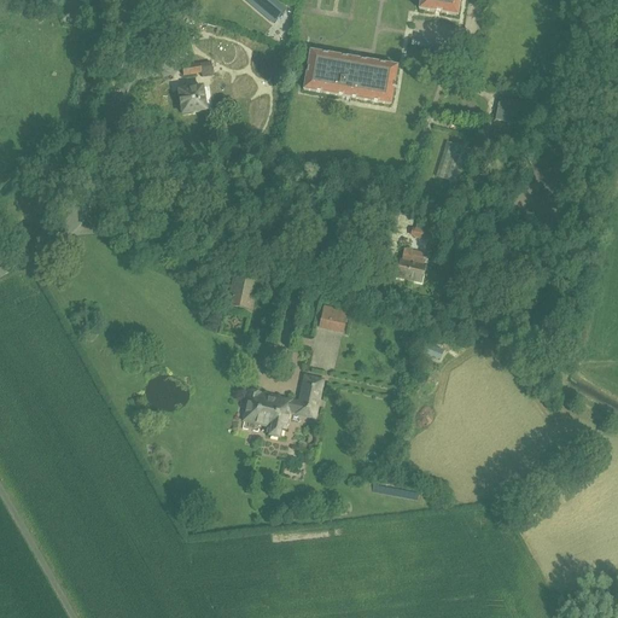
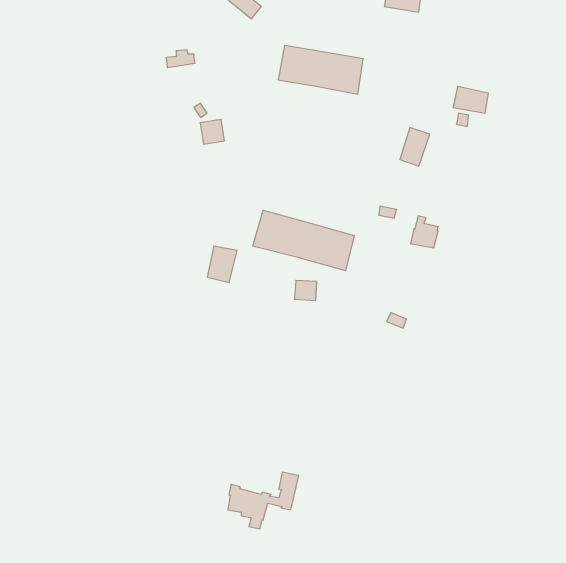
building: [179,84,205,111] -> [200,120,225,144]
building: none -> [253,210,354,271]
building: [395,245,425,280] -> [410,216,438,248]
building: [245,374,322,436] -> [228,472,299,529]

